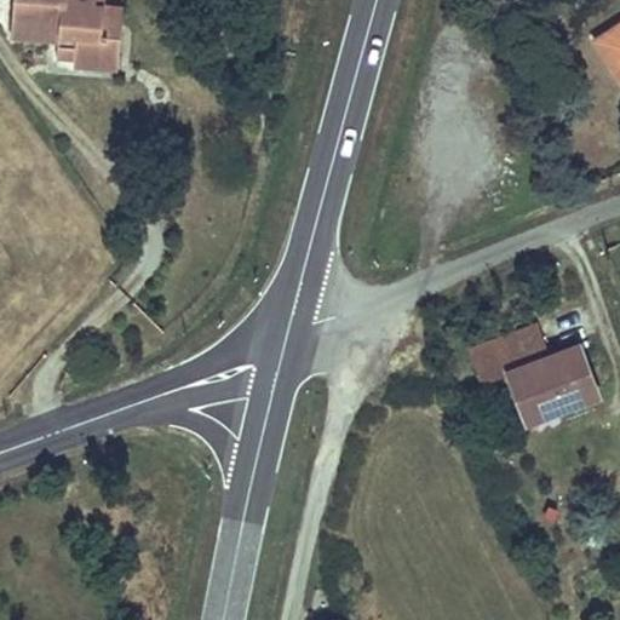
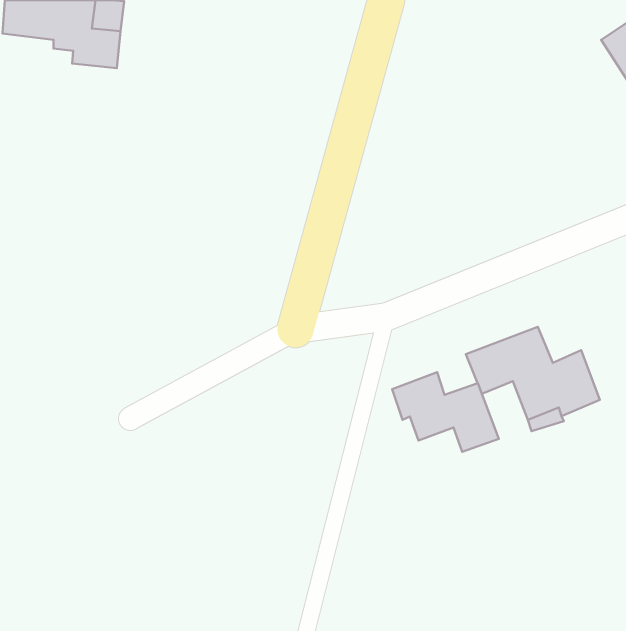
building: none -> [392,372,499,452]

